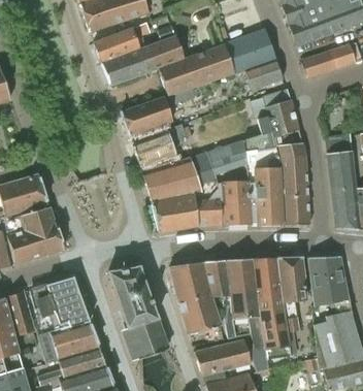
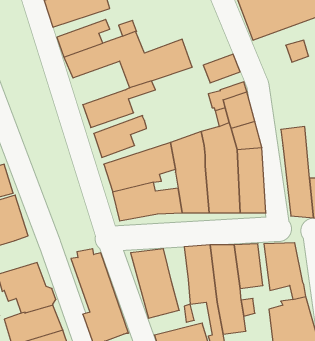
building: [225,30,276,74] -> none
building: [302,51,337,77] -> none
building: [204,260,230,296] -> none

